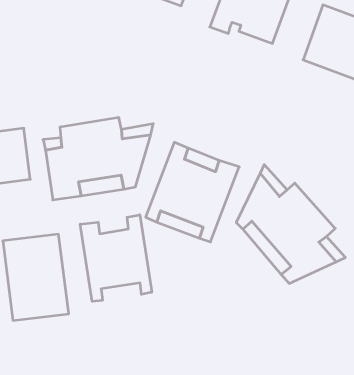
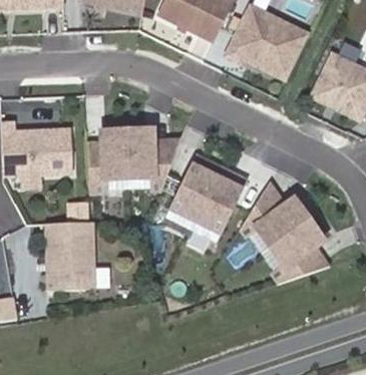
building: [80,215,152,301] -> none

